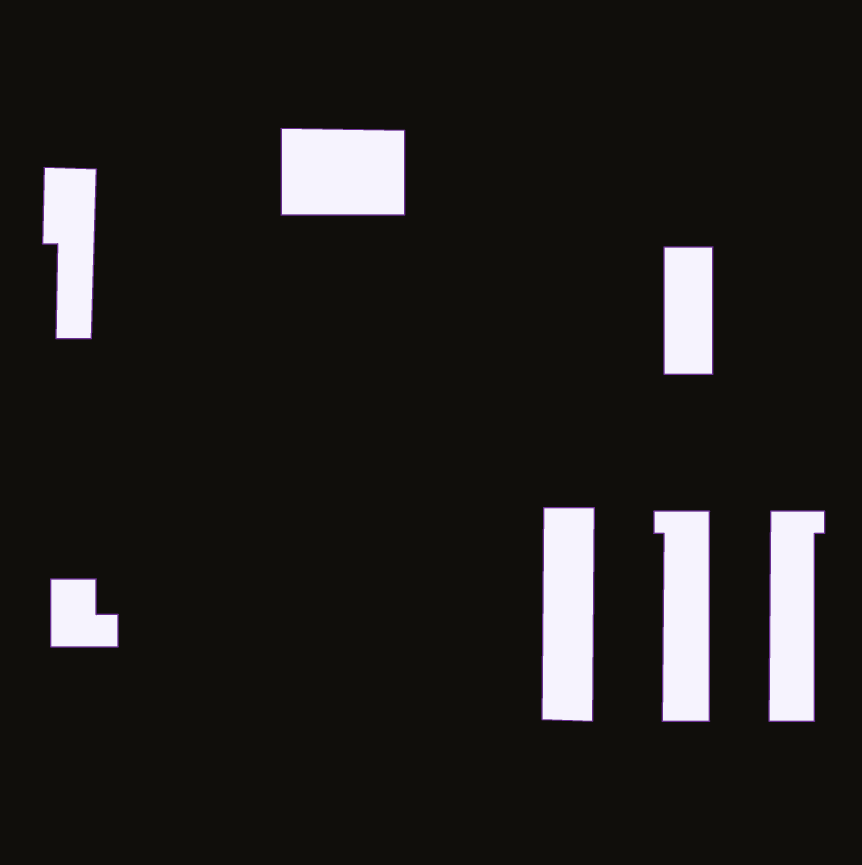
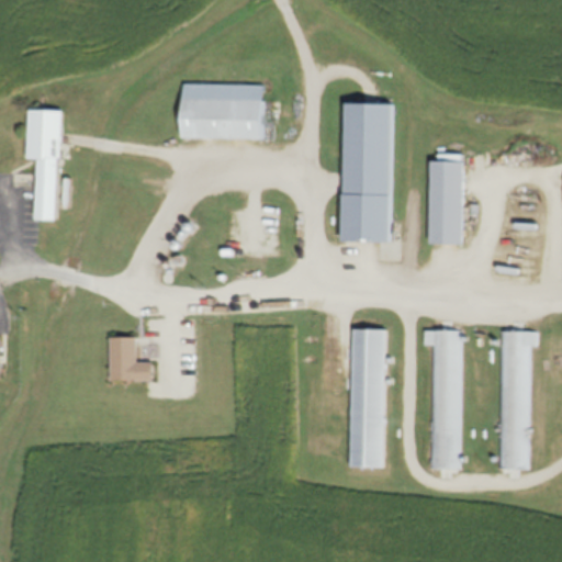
building: none -> [342,102,390,241]
building: [51,579,118,647] -> [110,336,154,380]

